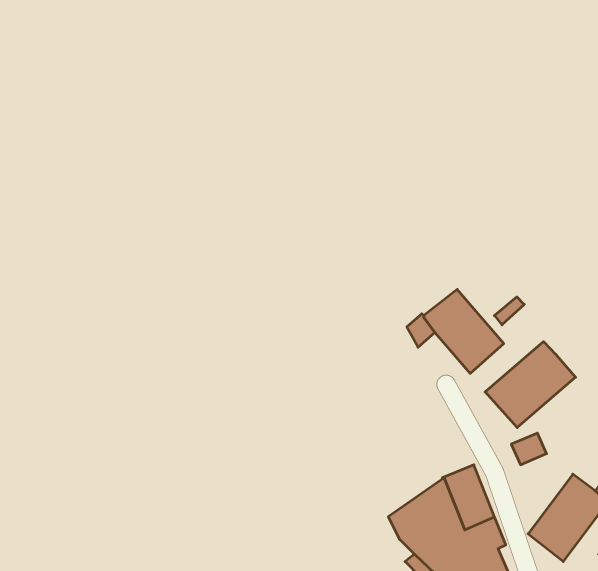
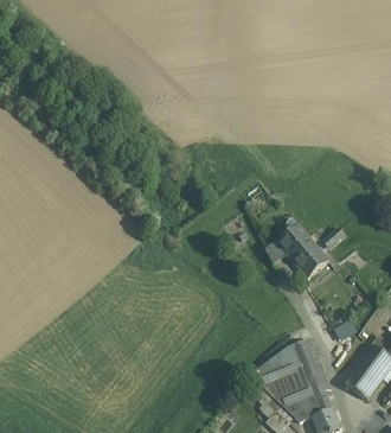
building: [485,342,576,428] -> none

